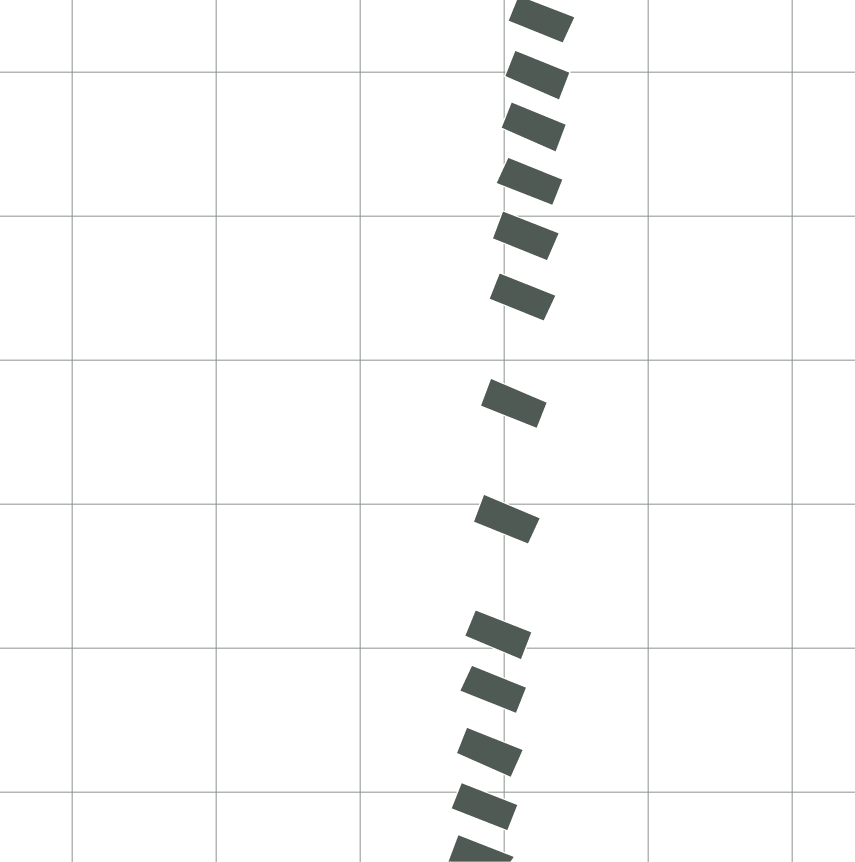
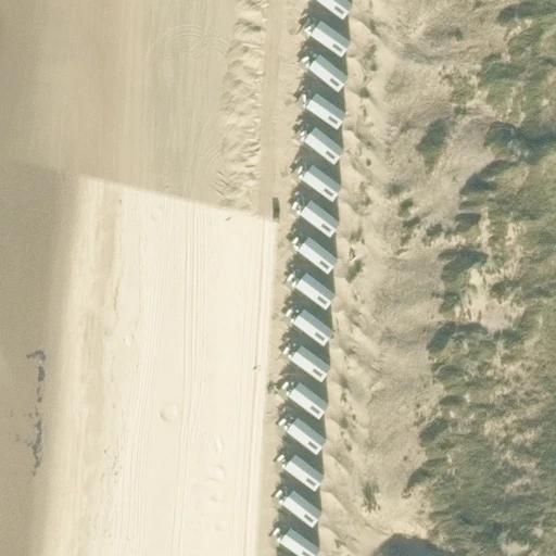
building: none -> [304,205,346,237]
building: none -> [300,274,342,304]
building: none -> [294,348,337,378]

